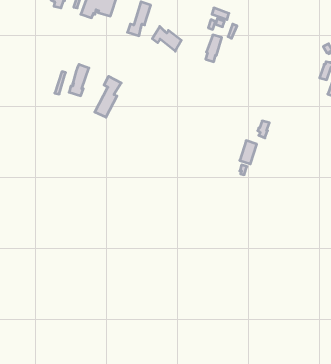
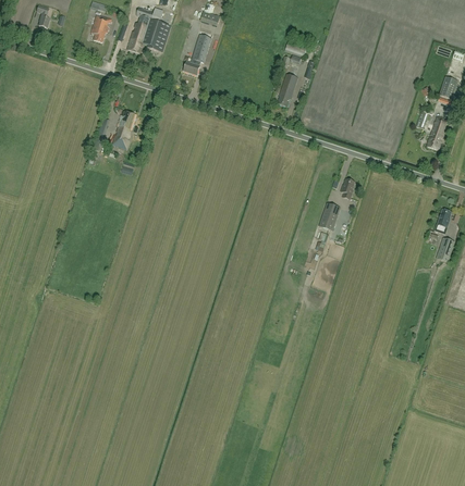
building: [152,26,181,51] -> none
building: [95,76,121,117] -> none

